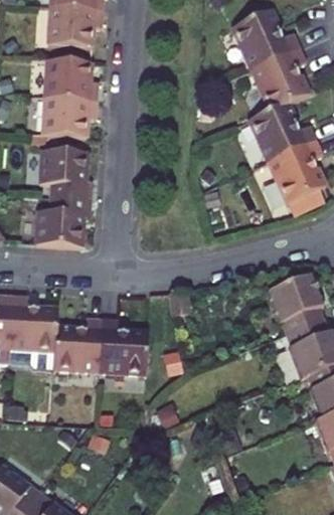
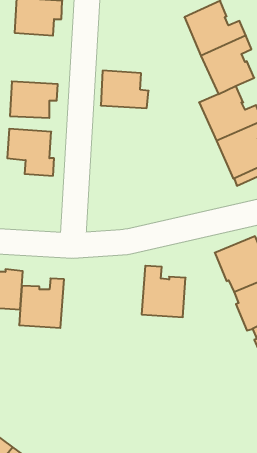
building: [44,60,97,102] -> [101,71,149,108]
building: [36,200,90,250] -> none
building: [98,316,146,372] -> [142,266,186,317]

